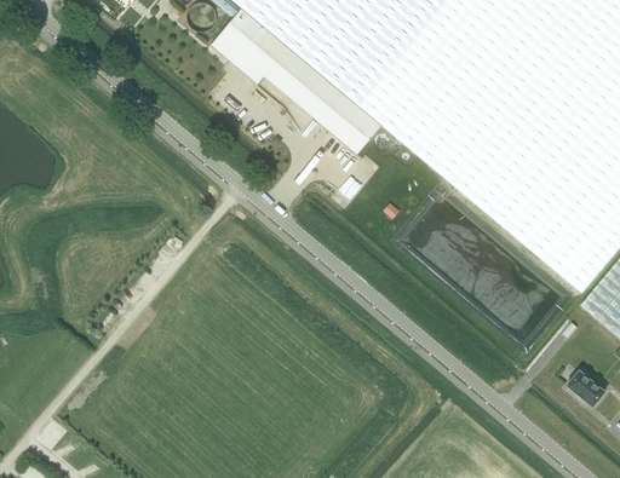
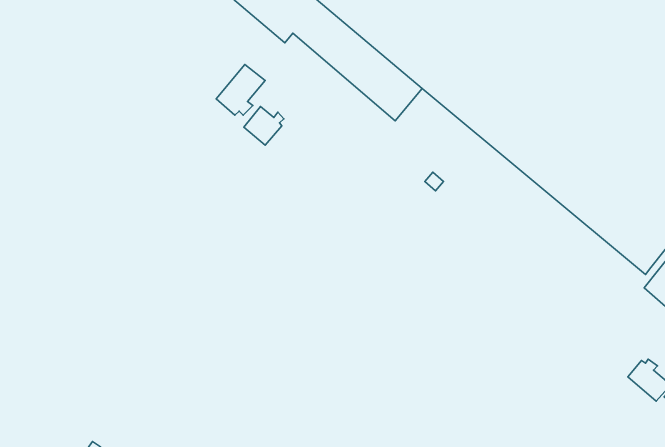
building: none -> [216,65,265,115]
building: none -> [244,106,284,145]

